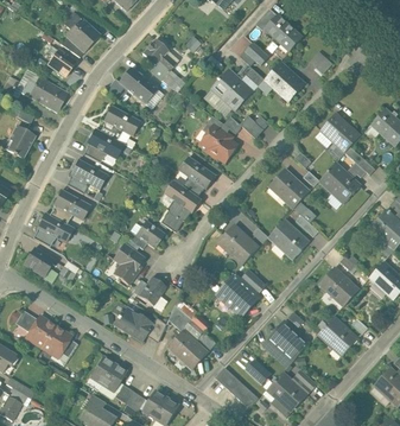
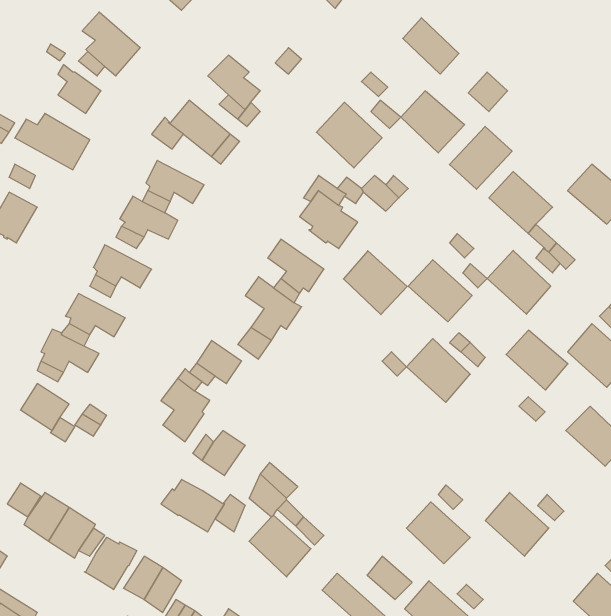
building: none -> [449,126,512,189]
building: [218,224,259,265] -> [343,251,407,315]
building: [319,267,358,305] -> [506,330,568,390]
building: [217,273,258,314] -> none
building: none -> [84,537,137,590]

